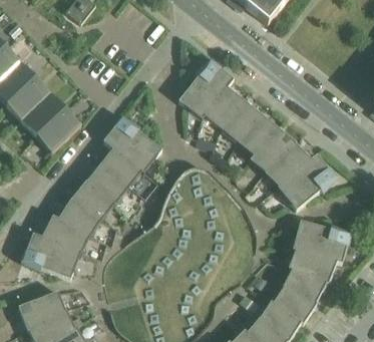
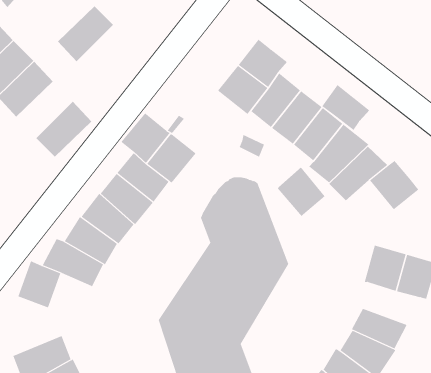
building: [21,92,65,136] -> [57,5,114,62]
building: none -> [322,84,370,131]
building: [277,169,315,209] -> [277,167,326,217]
building: [46,242,79,278] -> none
building: [288,249,336,283] -> none

